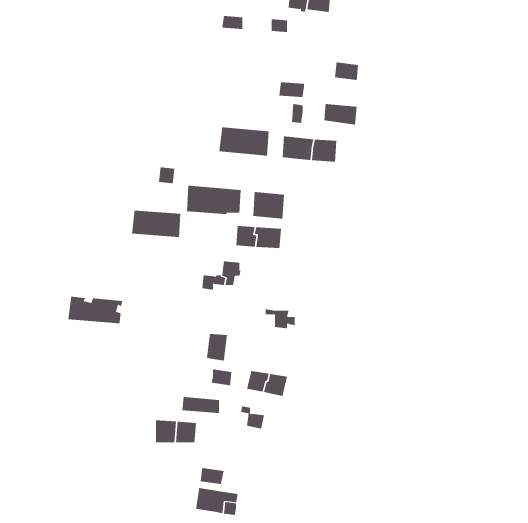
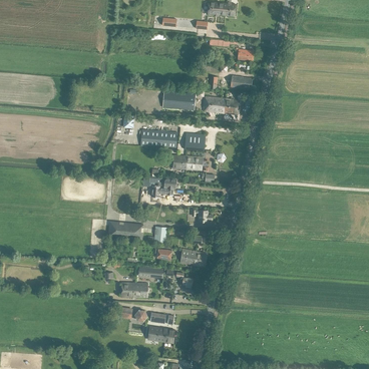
building: [132,210,181,238] -> none
building: [68,296,123,324] -> [107,221,143,239]

